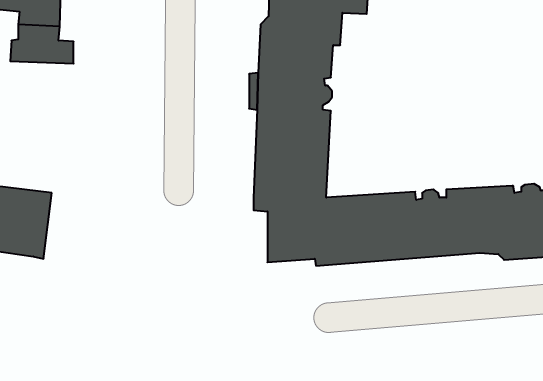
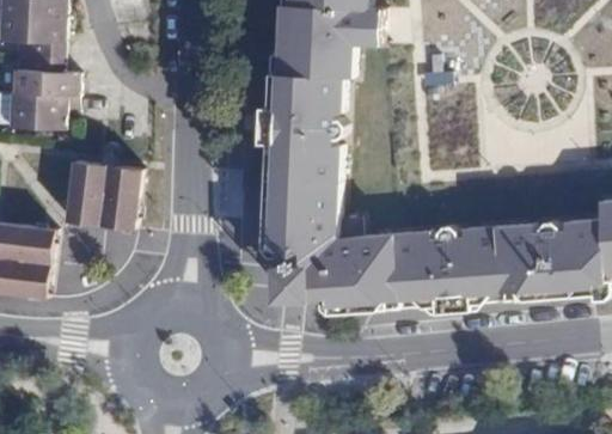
building: none -> [6,93,76,129]
building: none -> [66,160,140,230]

